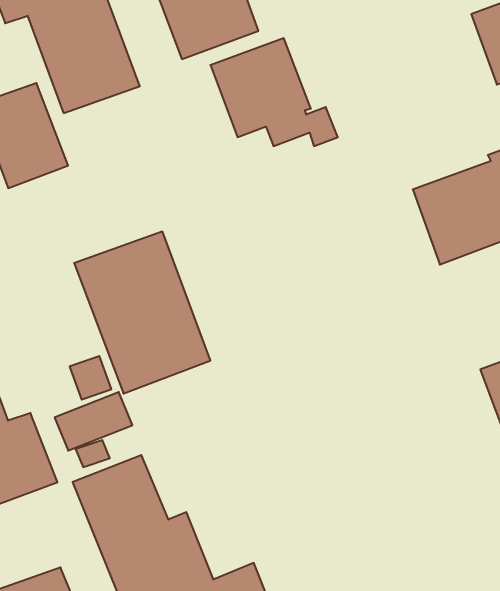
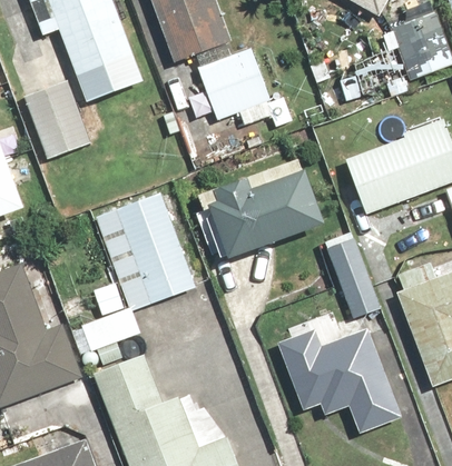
building: none -> [202,160,331,260]
building: none -> [325,239,376,318]
building: none -> [277,328,402,434]

